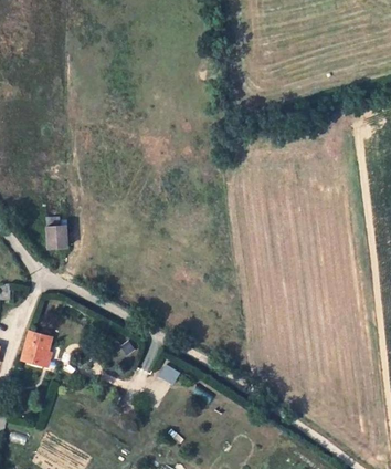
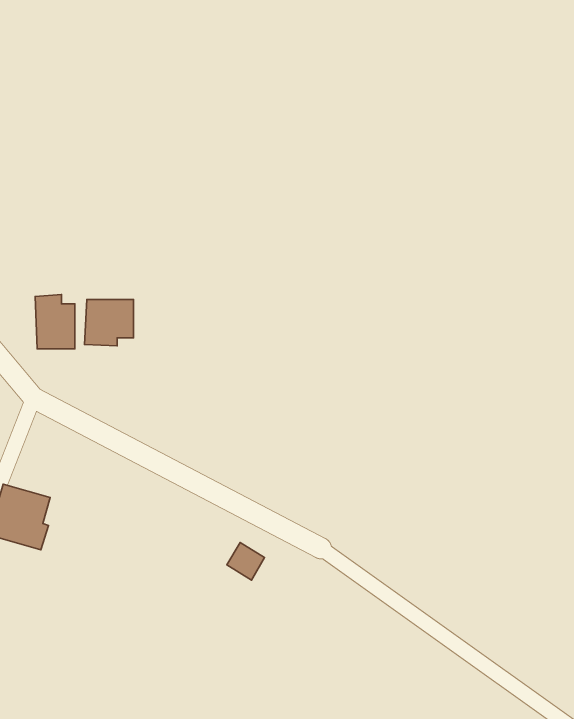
building: none -> [85,300,133,346]

